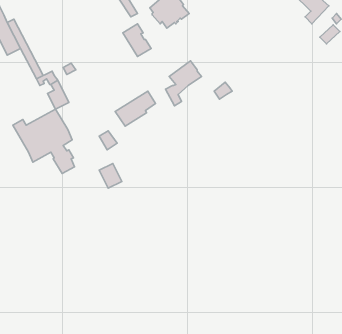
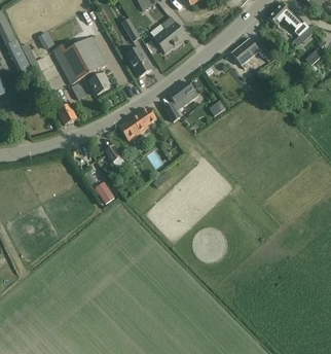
building: none -> [231,39,269,66]
building: [13,109,75,173] -> [51,37,108,96]

